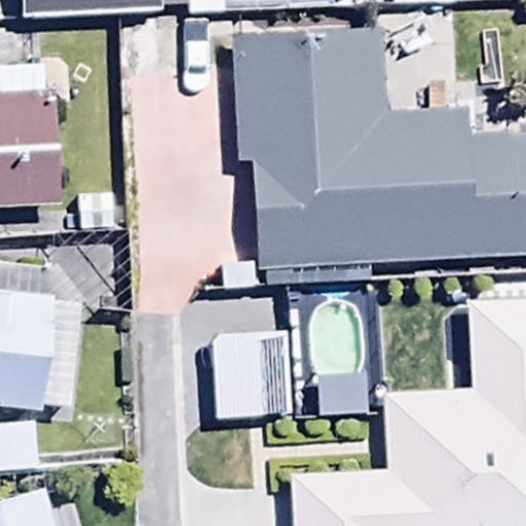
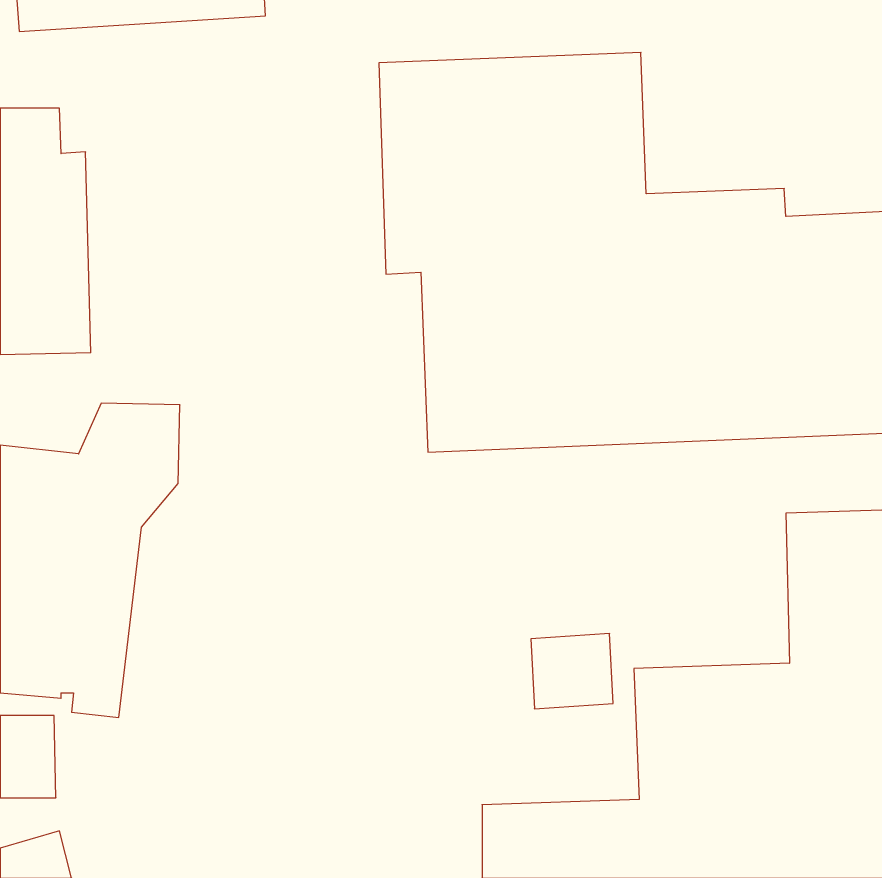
building: [210,333,287,419] -> none

